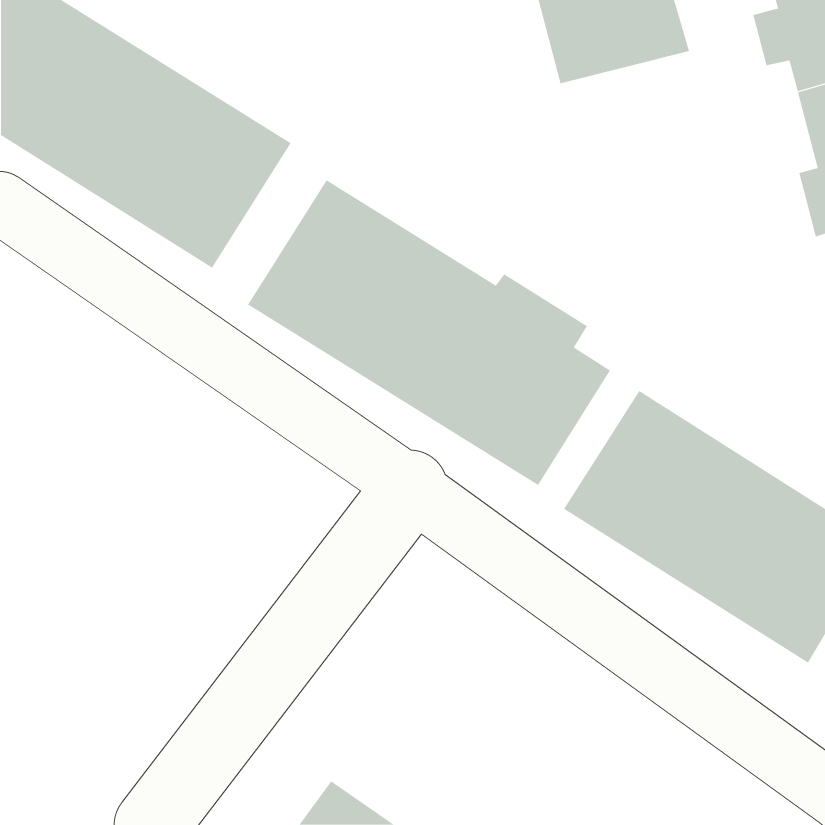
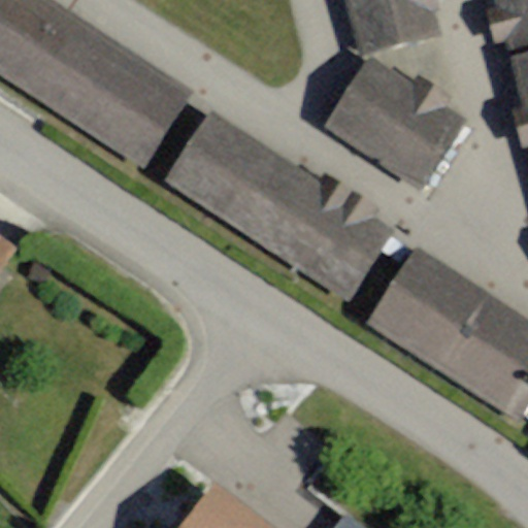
building: none -> [329,55,467,182]

